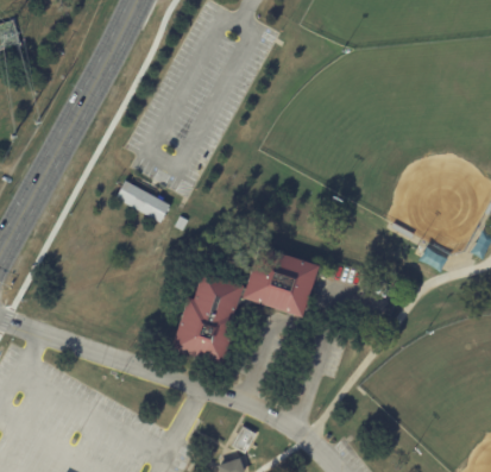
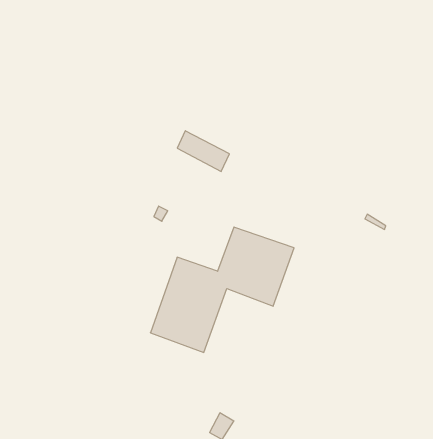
building: [118,182,171,224] -> [177,131,229,171]

